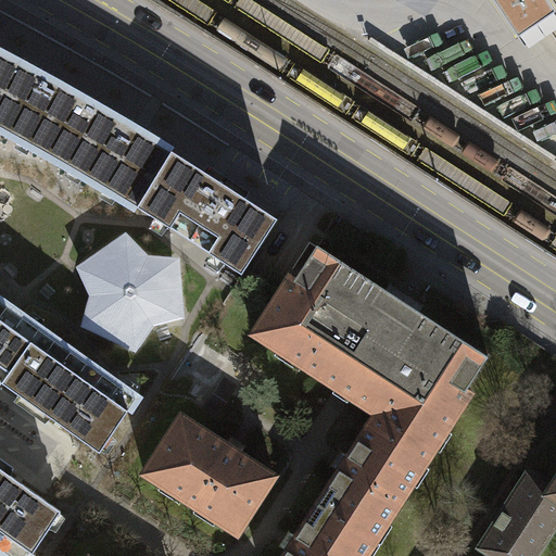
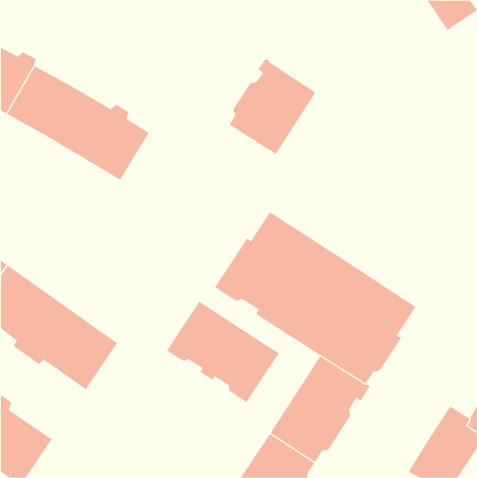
building: none -> [228,58,316,155]
building: [141,154,279,275] -> none
building: [85,240,179,344] -> none
building: [140,415,271,533] -> [166,301,279,403]

